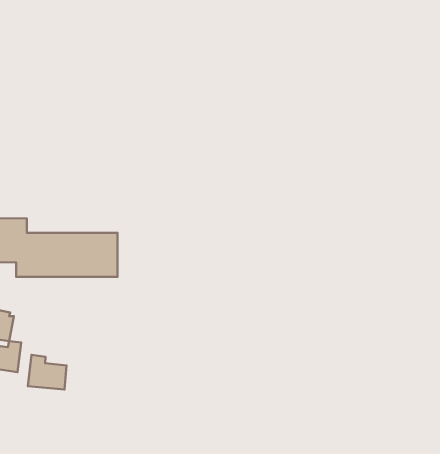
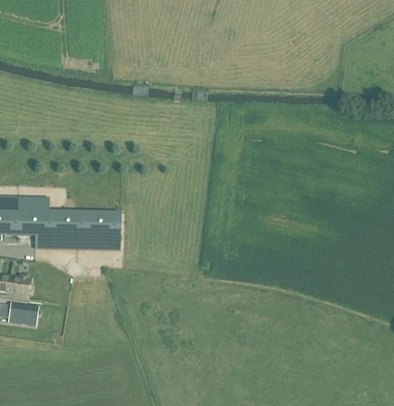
building: [28,355,67,389] -> none

